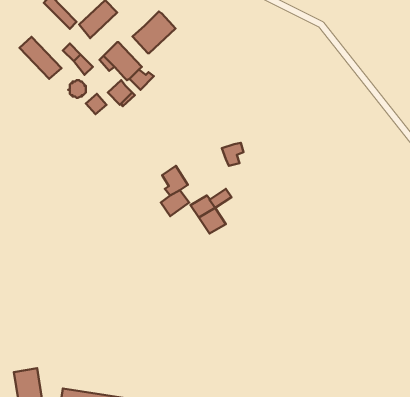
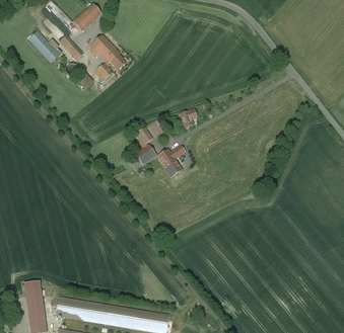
building: [133,12,175,53] -> none

